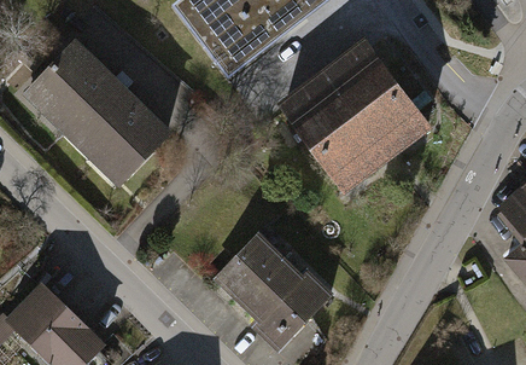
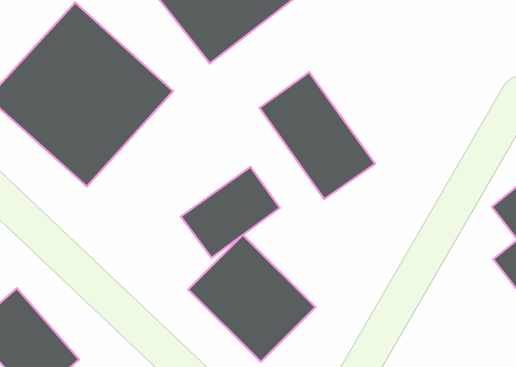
building: [325,44,433,163] -> none
building: none -> [181,167,280,258]

